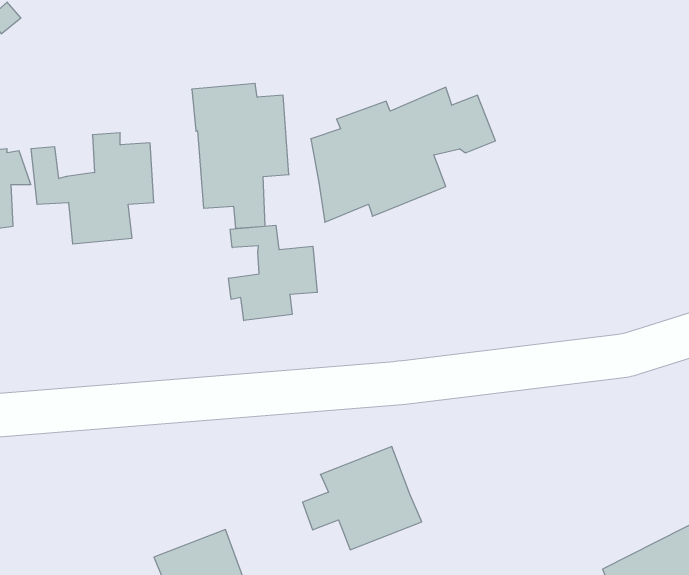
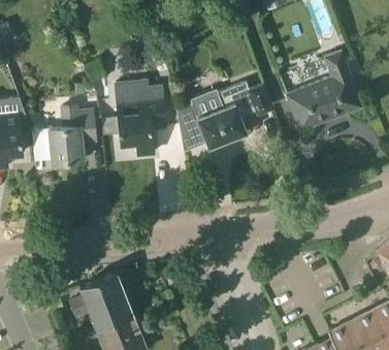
building: none -> [287,51,363,131]
building: [229,225,317,321] -> none
building: [303,447,422,550] -> [71,273,133,326]

